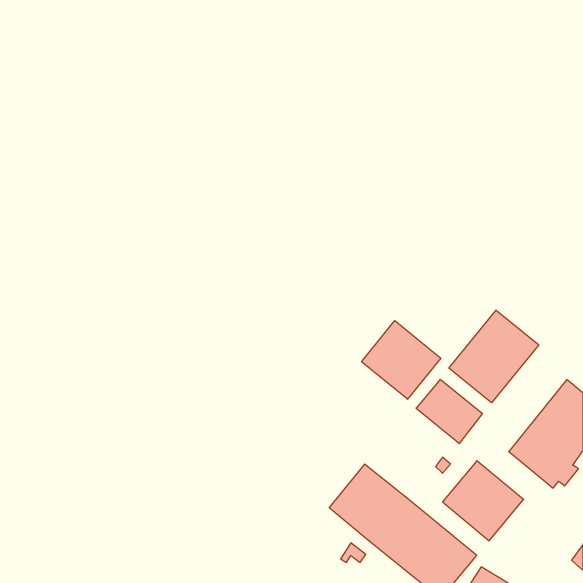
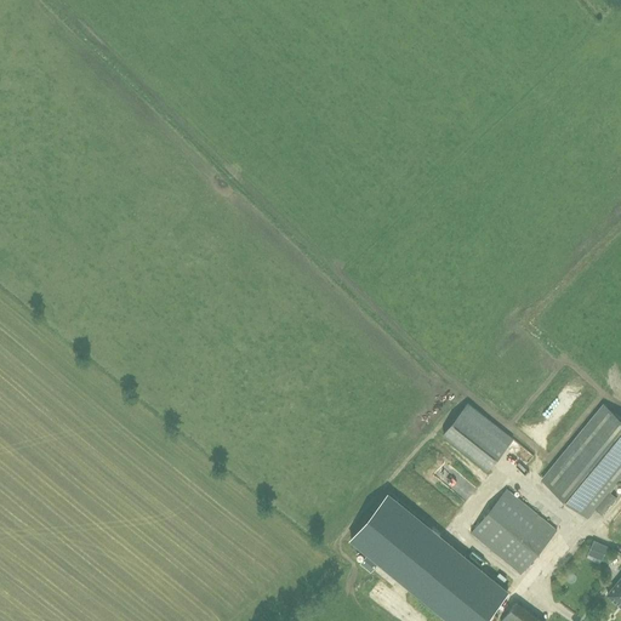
building: [449,310,539,403] -> none
building: [362,321,441,399] -> none

